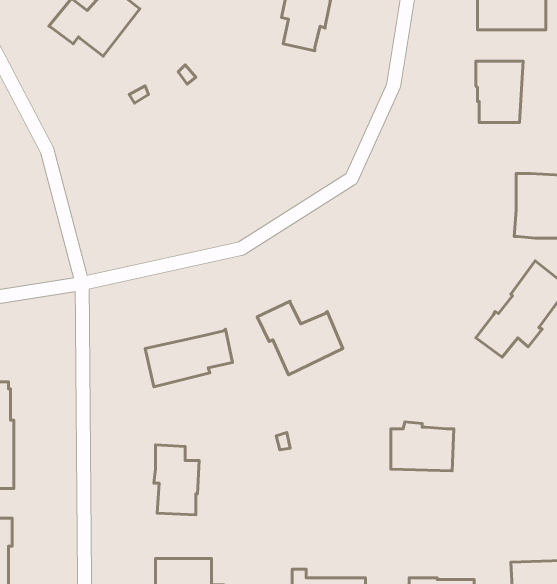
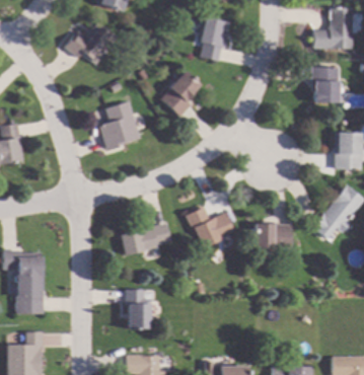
building: none -> [160,70,200,116]
building: none -> [98,101,140,148]
building: [391,422,454,471] -> [254,220,291,248]

